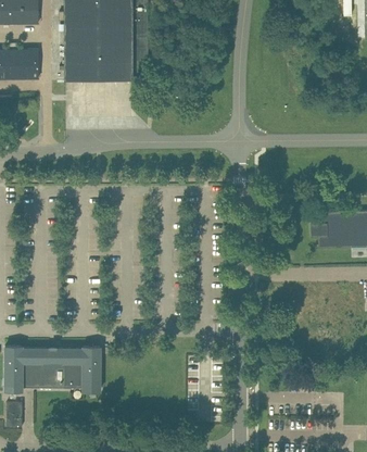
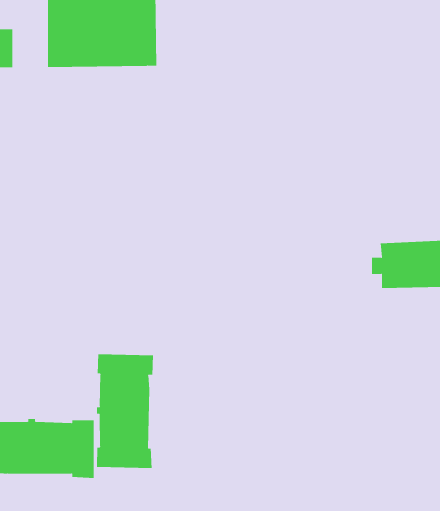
building: none -> [96,354,153,469]

